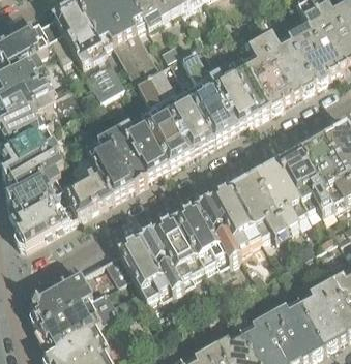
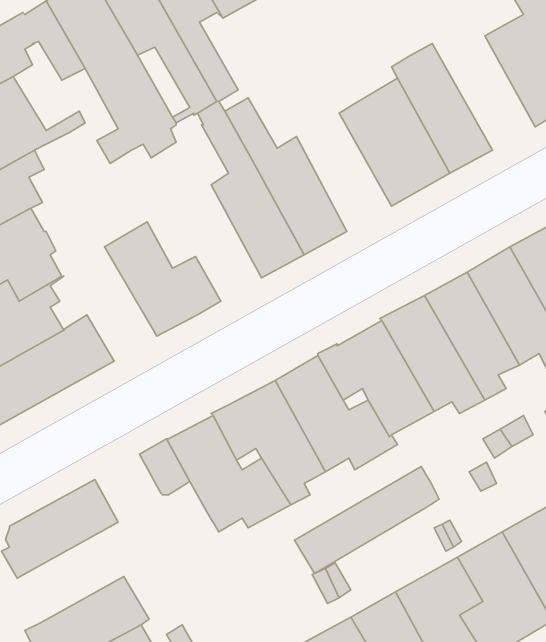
building: [260,30,315,94] -> none
building: [182,49,238,138] -> none
building: [108,113,169,175] -> none
building: [68,146,113,207] -> none
building: none -> [295,467,439,573]
building: [36,285,118,346] -> none

